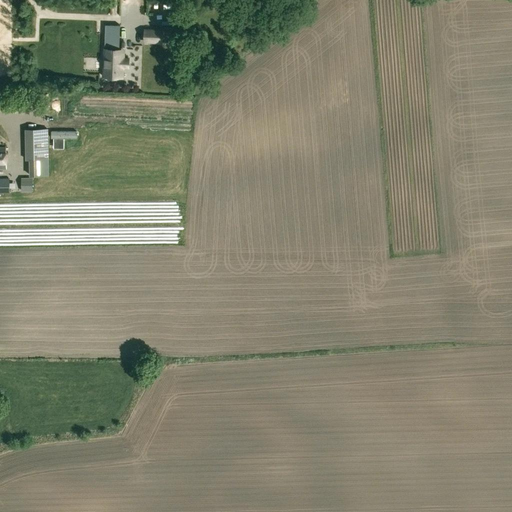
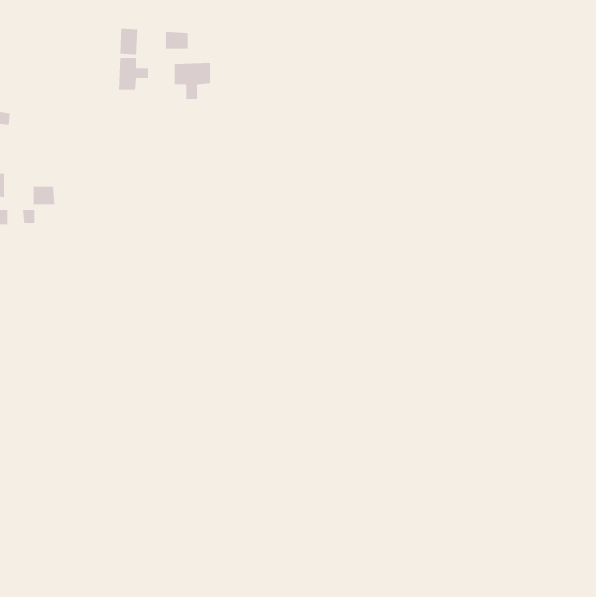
building: none -> [174,62,211,100]
building: [23,130,46,160] -> none

